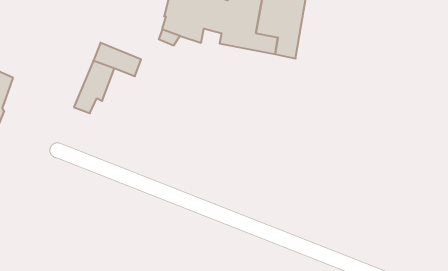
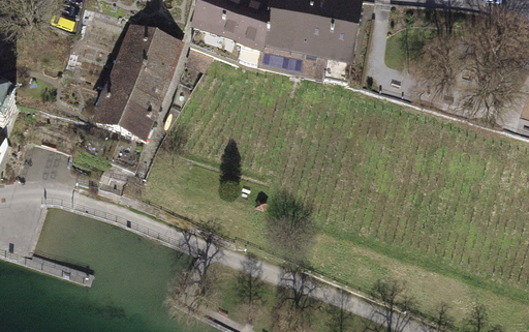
building: none -> [119,18,180,73]
building: none -> [121,86,159,132]

